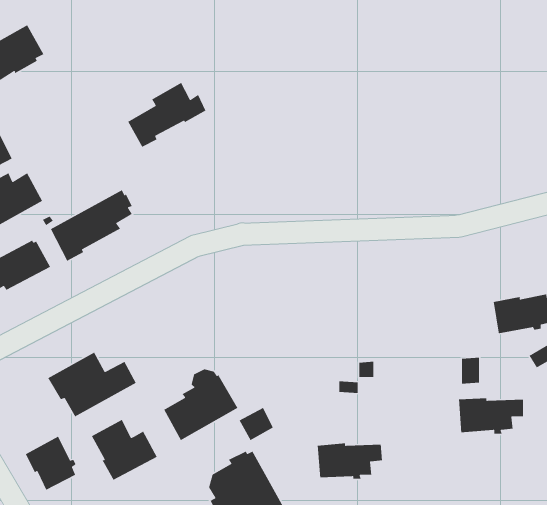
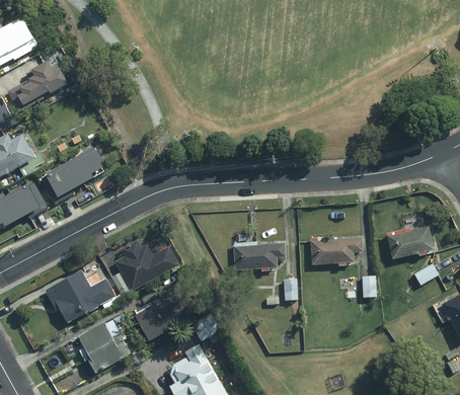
building: [127,82,206,148] -> [10,60,71,110]
building: none -> [108,240,174,295]
building: [458,397,524,434] -> [307,237,358,265]
building: [25,435,77,491] -> none
building: [317,443,383,479] -> [230,242,281,270]

